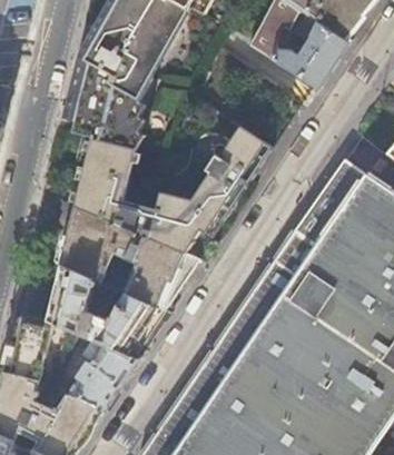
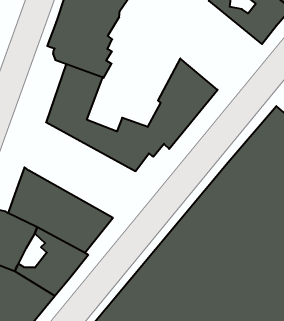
building: [60,206,199,310] -> none

